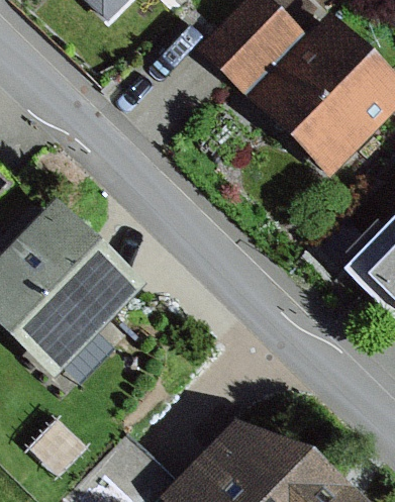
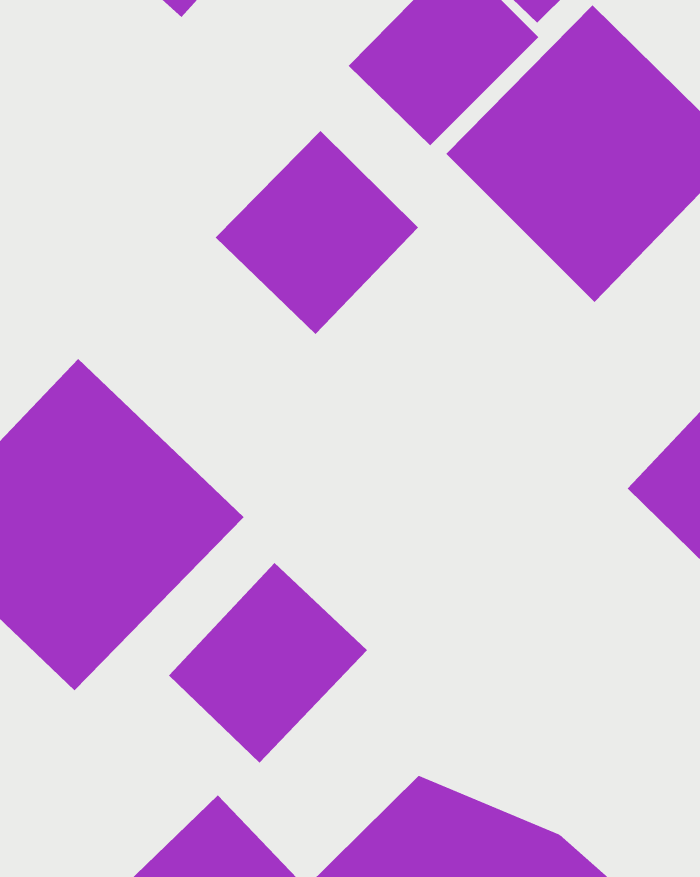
building: none -> [215,130,419,335]
building: none -> [168,562,368,764]

